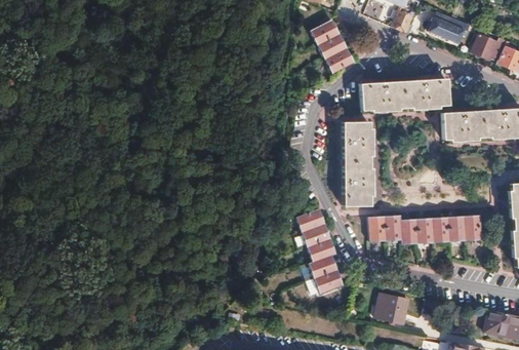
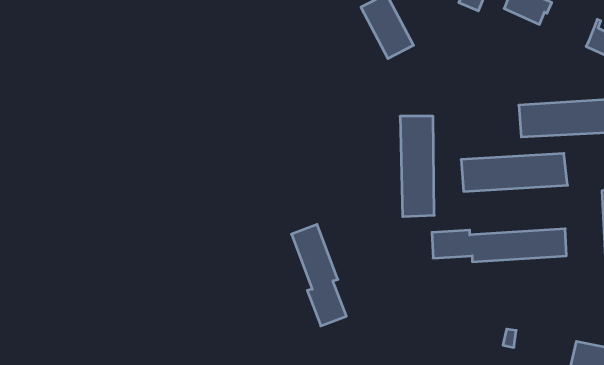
building: [472,35,507,60] -> none
building: [359,78,448,110] -> [461,153,568,191]
building: [296,208,343,294] -> [291,224,346,326]
building: [374,294,408,323] -> none

